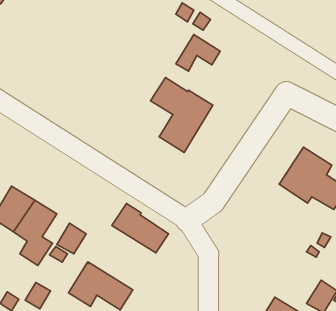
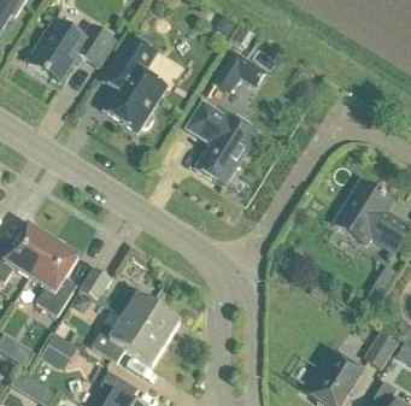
building: none -> [29,18,116,81]
building: none -> [104,35,168,130]
building: [112,203,169,253] -> [116,286,181,342]

